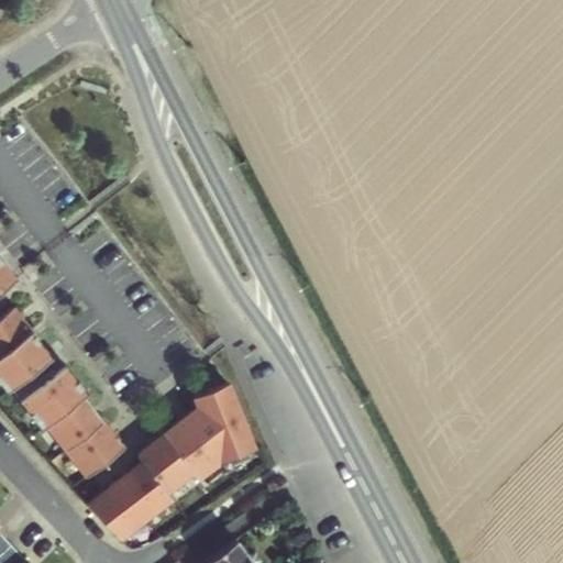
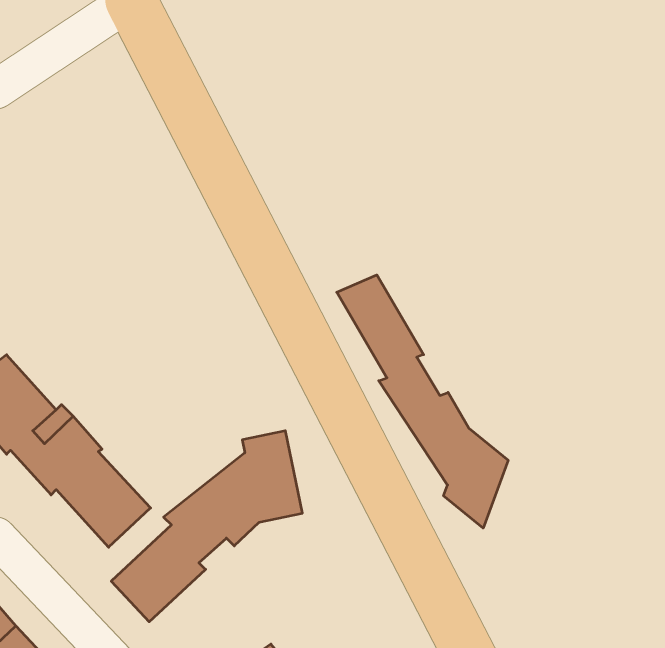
building: none -> [337,275,508,528]

